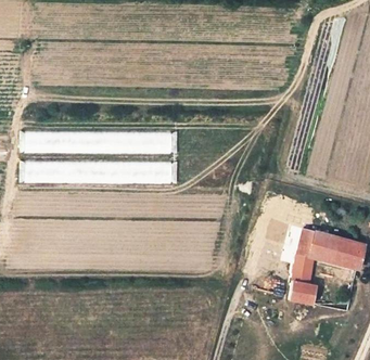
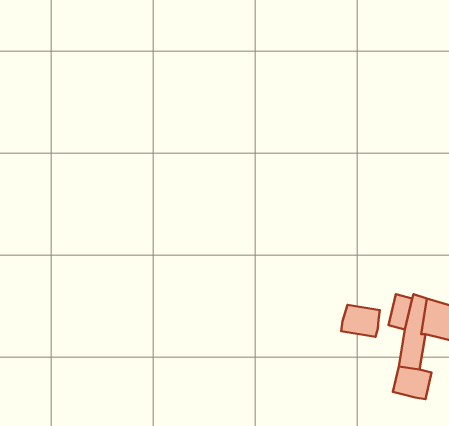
building: none -> [341,305,380,337]

